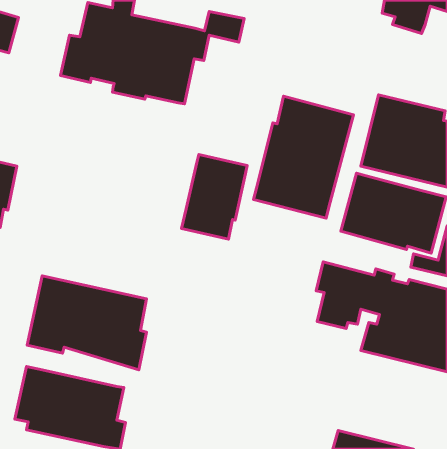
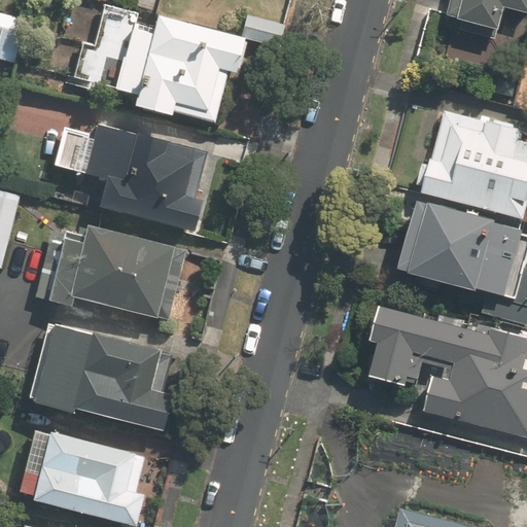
building: [254,96,354,218] -> none
building: none -> [54,122,204,230]
building: [182,154,247,239] -> none
building: none -> [47,225,185,321]

